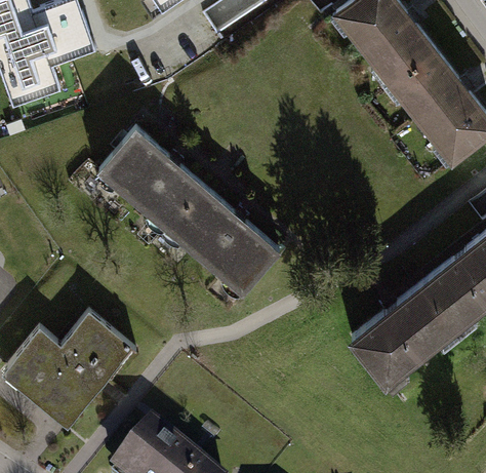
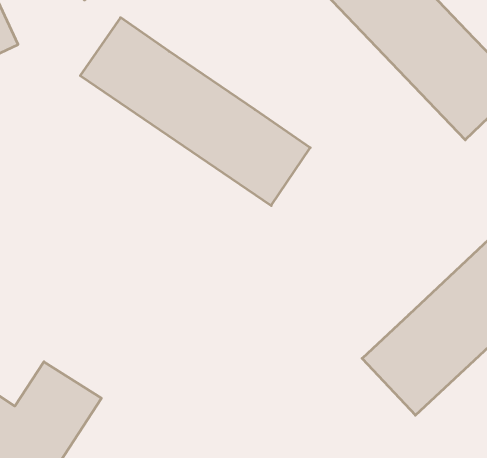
building: [96,127,279,294] -> [80,18,310,206]

